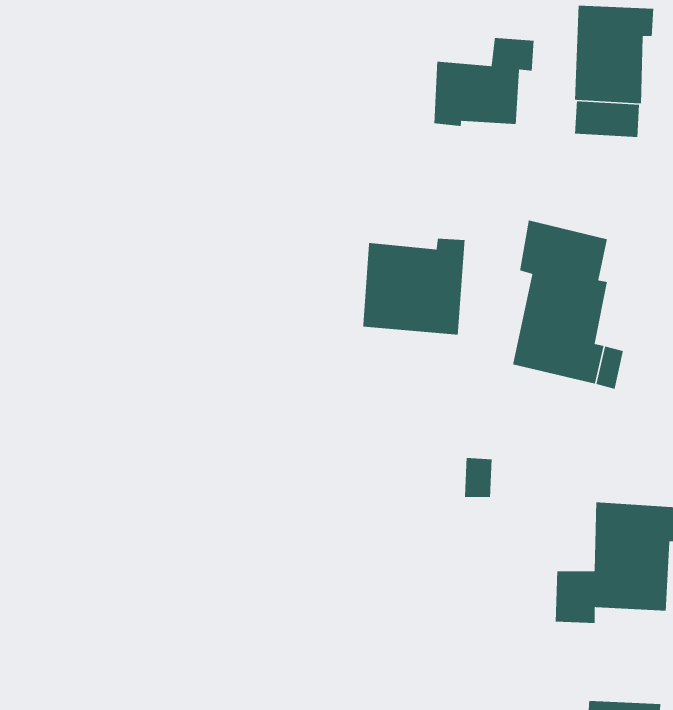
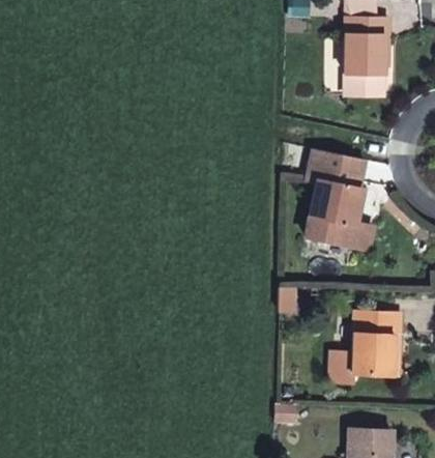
building: [434,37,535,127] -> none
building: [362,238,466,336] -> none

